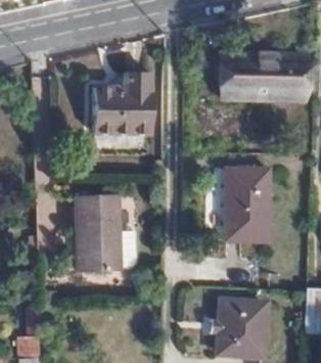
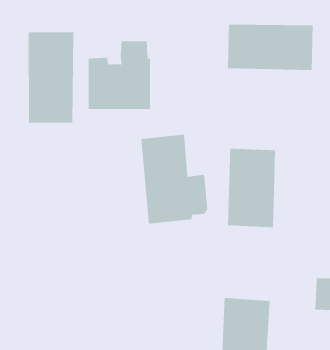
building: none -> [28,32,74,123]
building: [79,192,141,275] -> [141,134,208,224]

